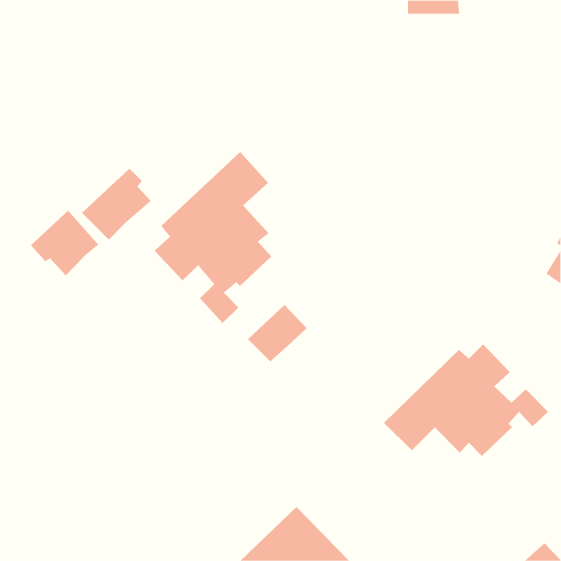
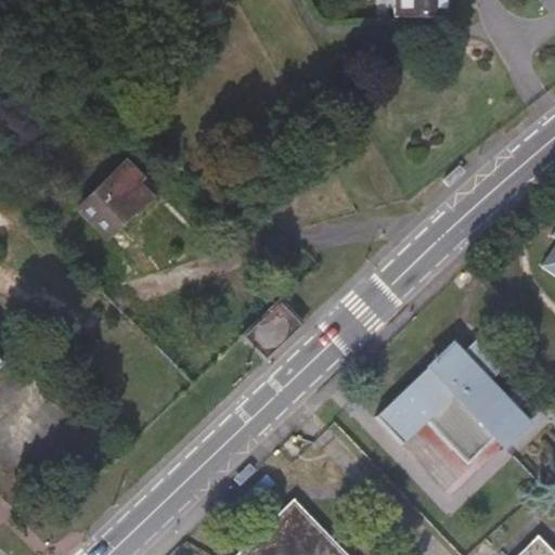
building: [154,151,272,324] -> none
building: [30,210,99,276] -> none

